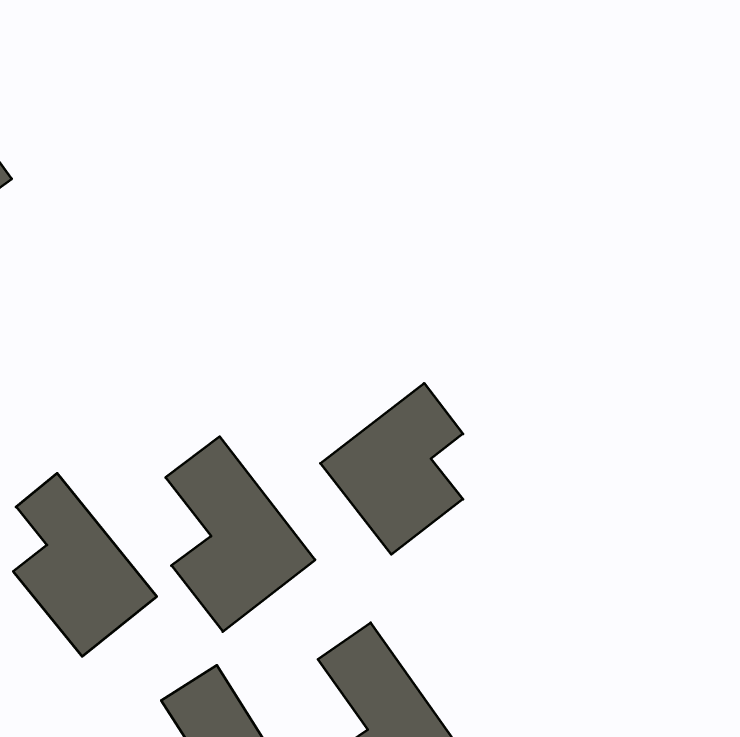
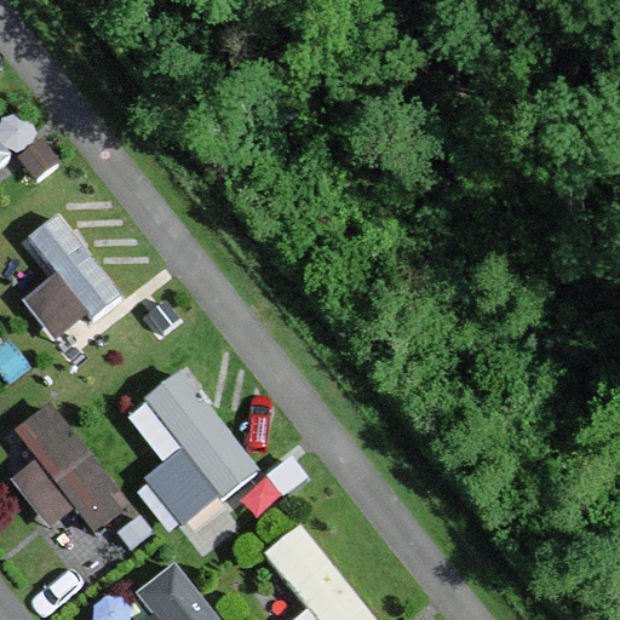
building: none -> [19,212,119,343]
building: [320,383,463,554] -> none

